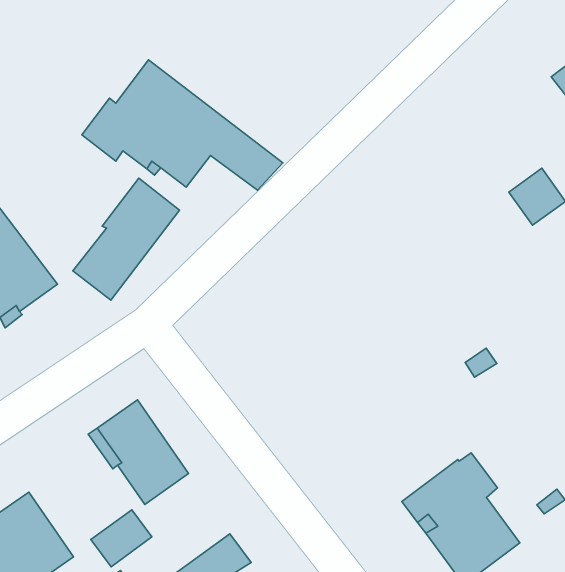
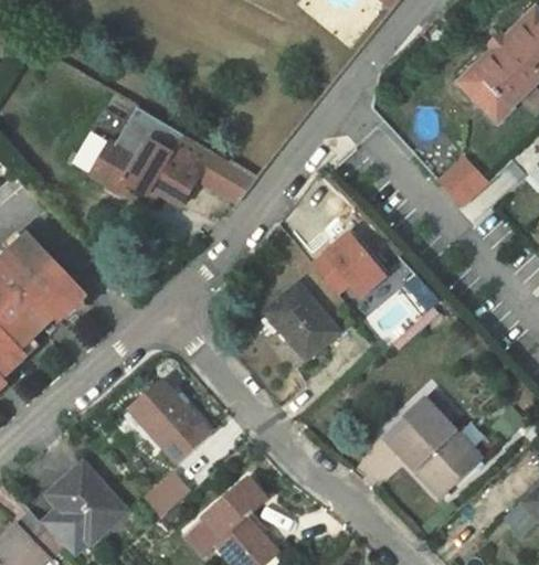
building: [73,178,179,300] -> none
building: none -> [311,233,384,295]
building: none -> [263,282,339,360]

